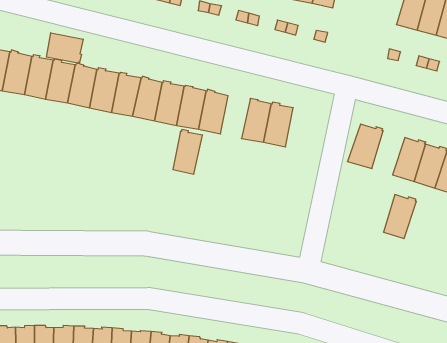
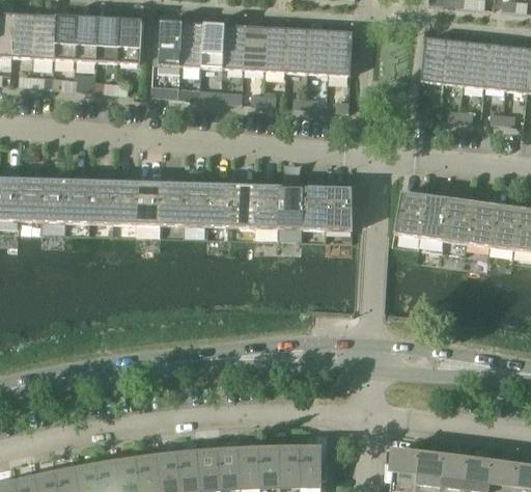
building: [46,33,83,63] -> none
building: none -> [326,186,353,230]
building: [173,130,203,174] -> [255,184,280,228]
building: [383,195,416,239] -> [420,195,449,240]

